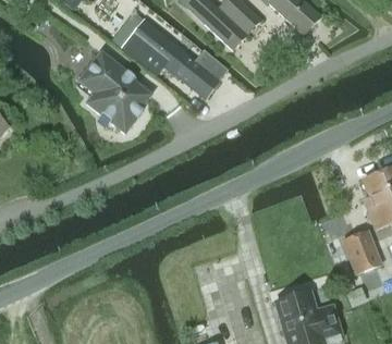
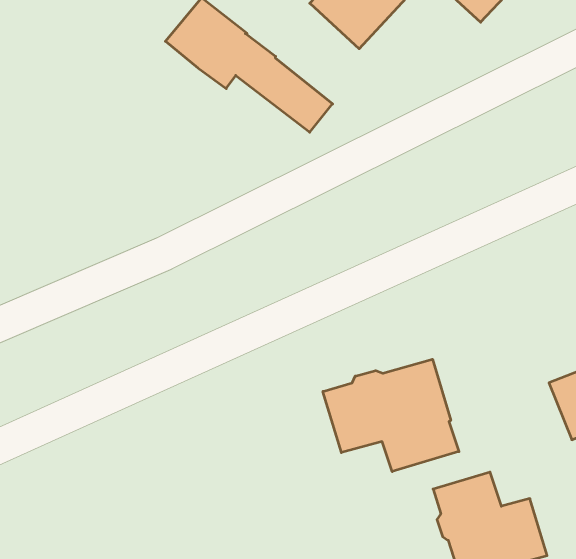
building: [77,50,150,131] -> none
building: none -> [323,359,459,472]

